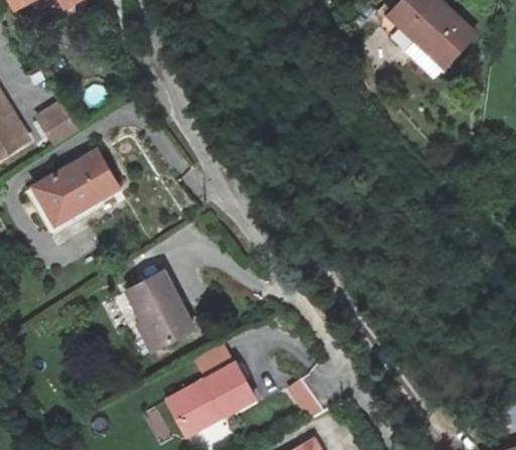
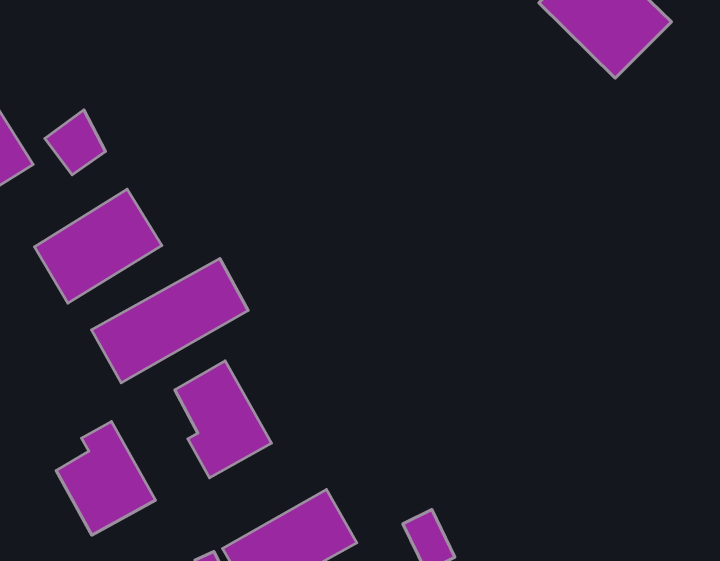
building: none -> [92,258,248,383]
building: none -> [56,421,155,535]

